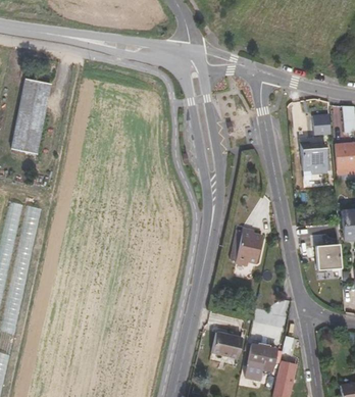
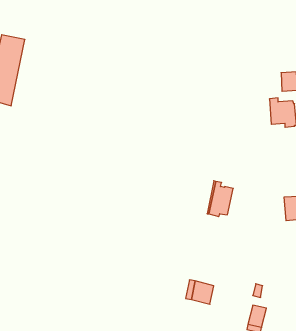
building: [254,346,284,371] -> none

